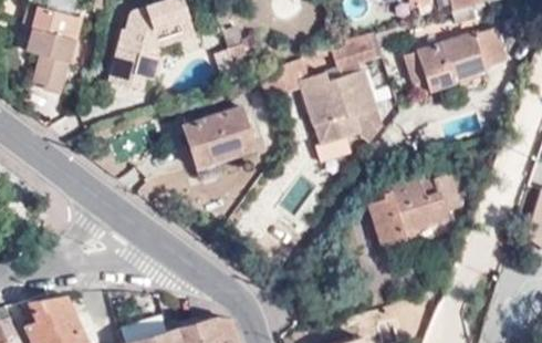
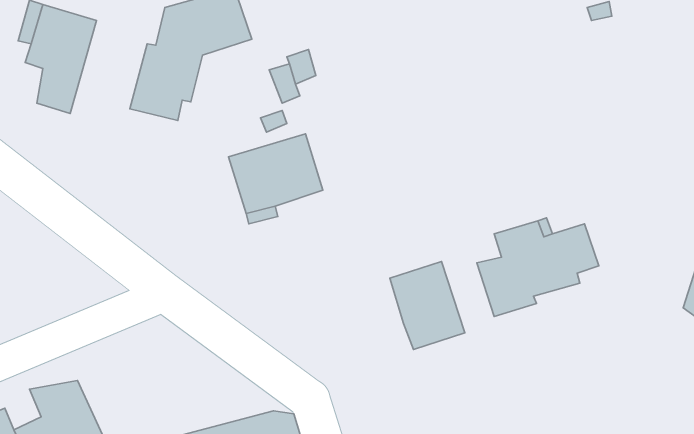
building: [402,30,502,87] -> none
building: [254,32,382,163] -> none
building: none -> [390,262,465,349]

